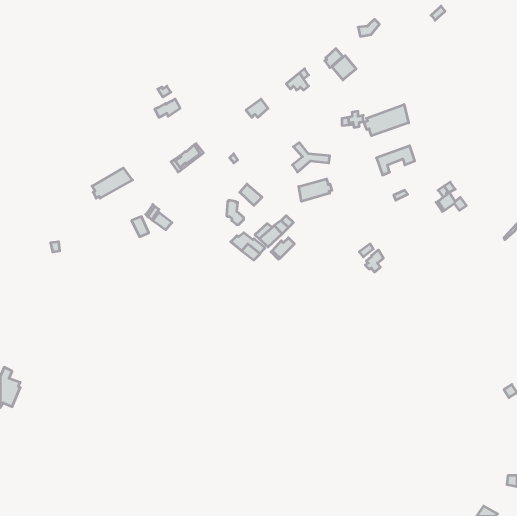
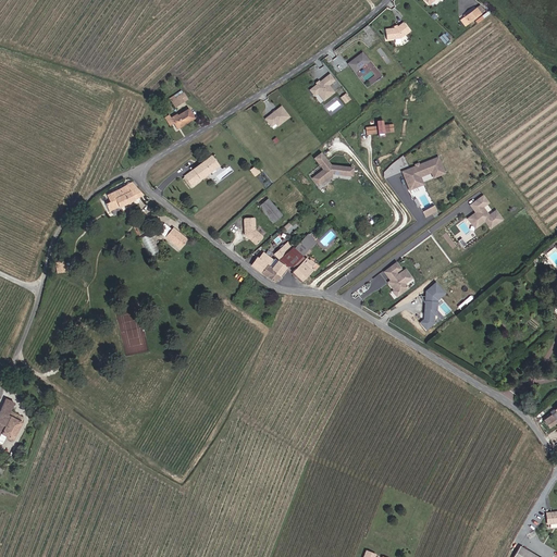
building: [364,104,409,136] -> none
building: [299,179,332,201] -> none
building: none -> [422,282,445,329]

